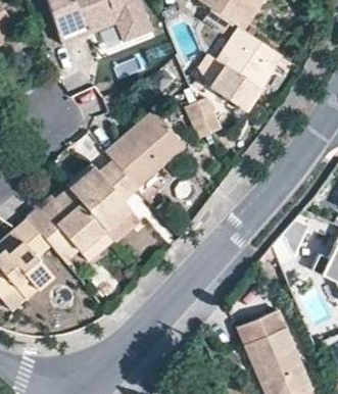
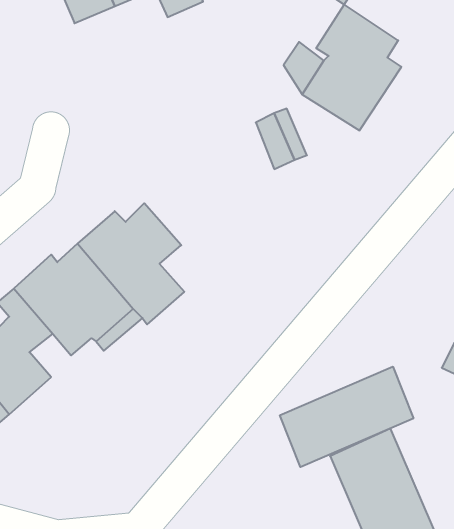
building: [105,111,184,188] -> none
building: none -> [280,367,413,467]

